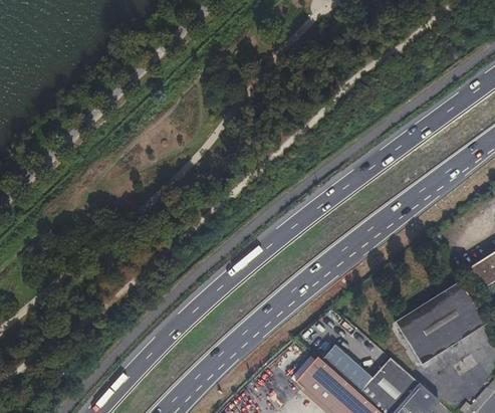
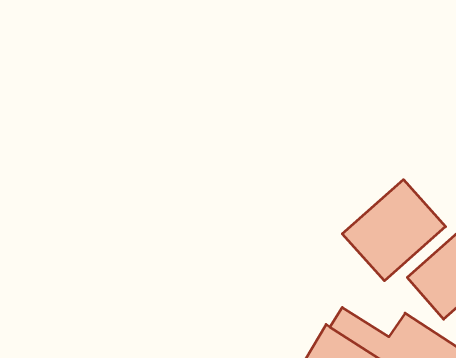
building: none -> [342,180,446,281]

